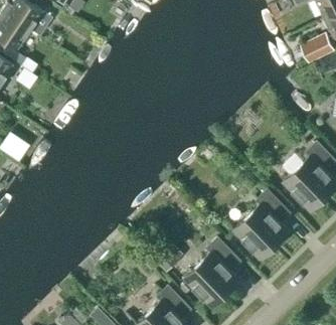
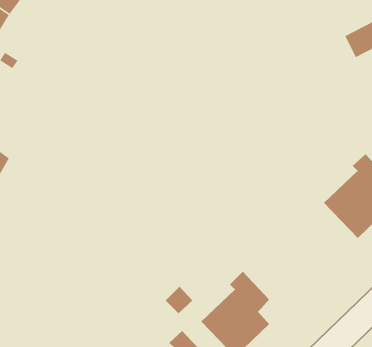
building: [233,190,290,261] -> none

